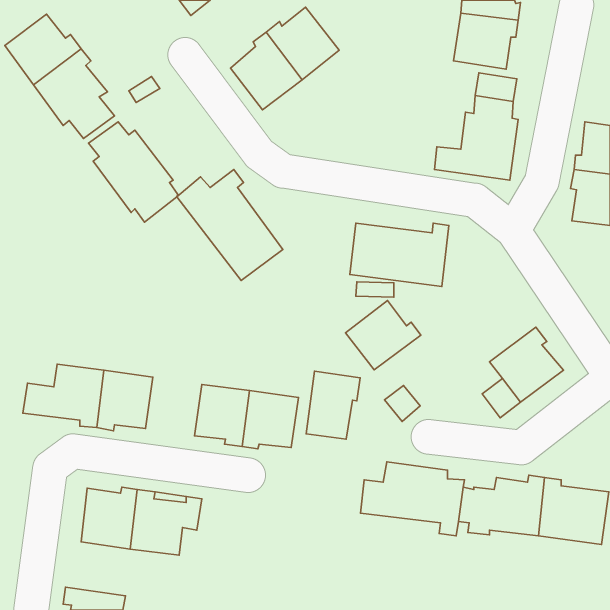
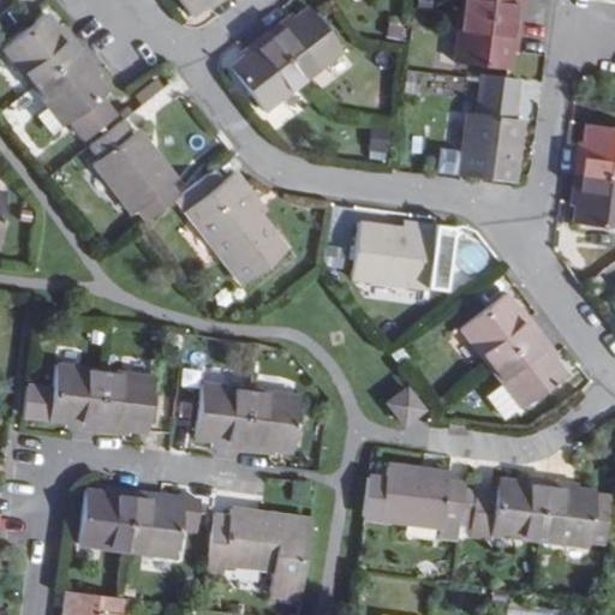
building: [346,301,421,370] -> [464,294,539,364]
building: [306,371,360,439] -> none
building: none -> [209,506,311,596]

